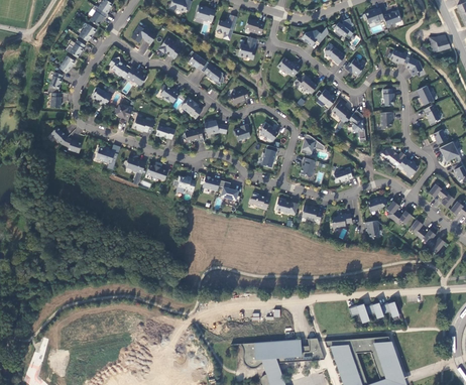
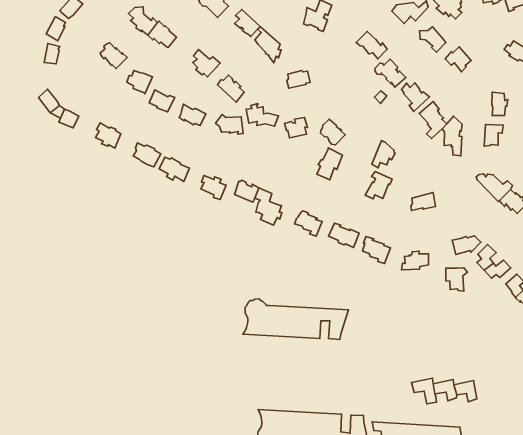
building: none -> [243,299,349,340]

